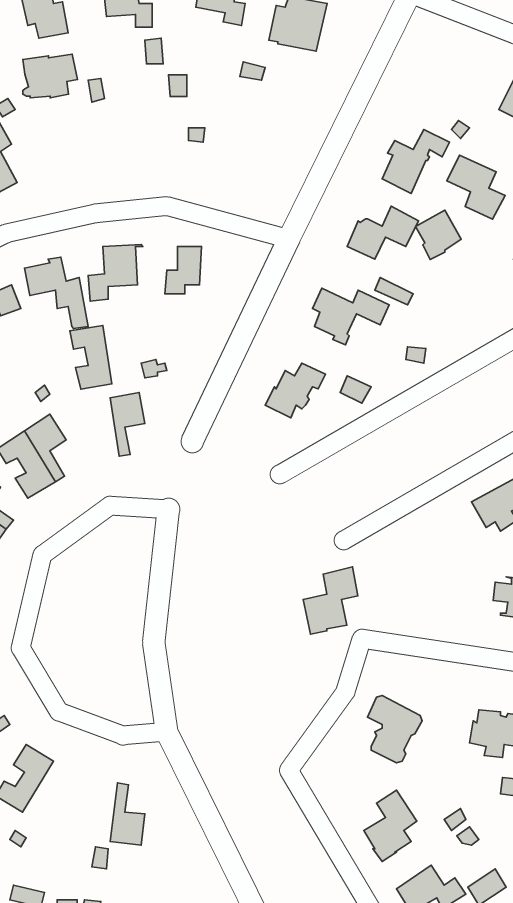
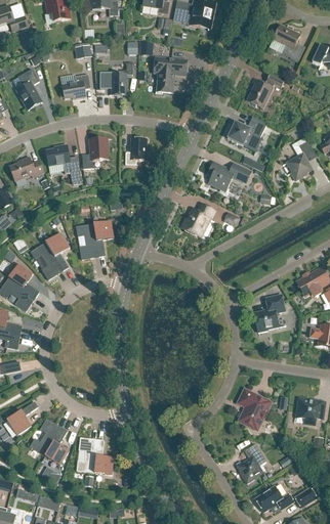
building: [23,54,78,98] -> [60,74,91,98]
building: none -> [154,57,188,93]
building: none -> [112,62,133,94]
building: [447,155,505,219] -> [273,25,305,60]
building: [416,210,461,259] -> [287,152,313,180]
building: [70,325,112,389] -> [76,223,99,259]
building: [303,567,358,634] -> [254,294,285,332]
building: none -> [45,427,69,465]
building: none -> [77,437,98,472]

